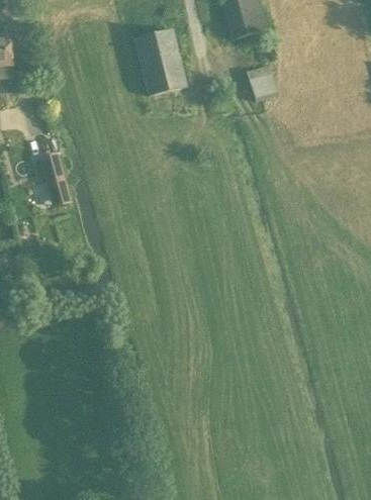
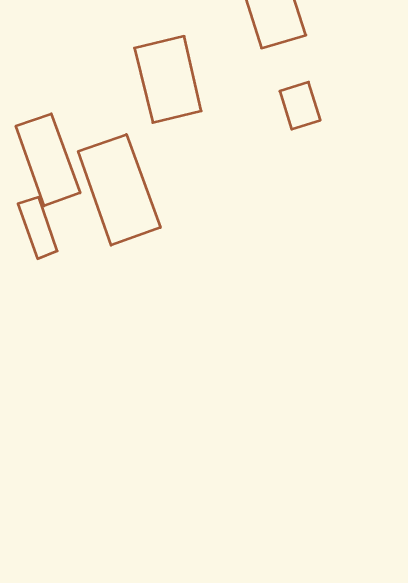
building: none -> [16,114,80,206]
building: none -> [78,134,160,245]

